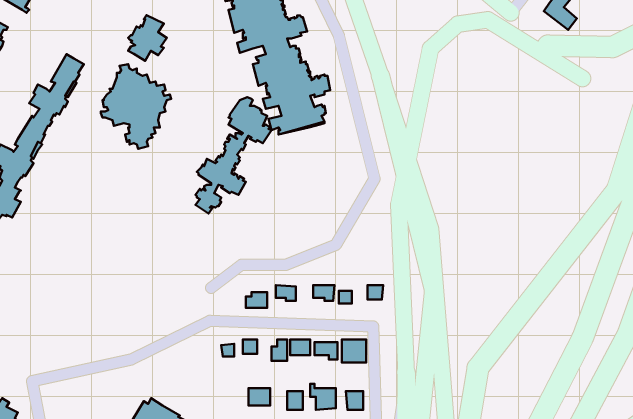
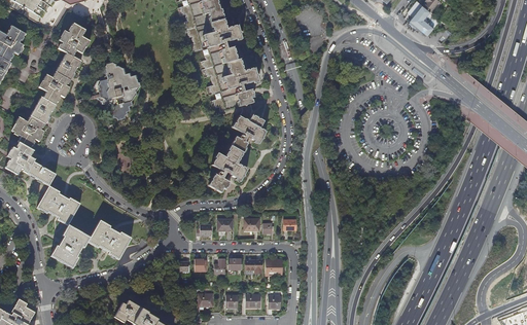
building: [128,15,167,61] -> [61,24,89,57]
building: [196,97,271,213] -> [212,109,267,192]
building: none -> [27,159,132,268]

